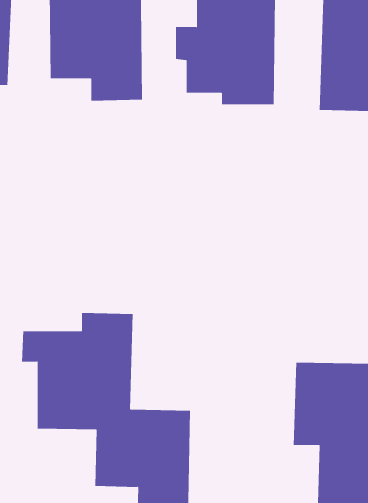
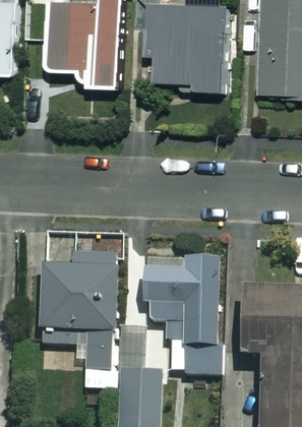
building: none -> [141,256,220,374]

